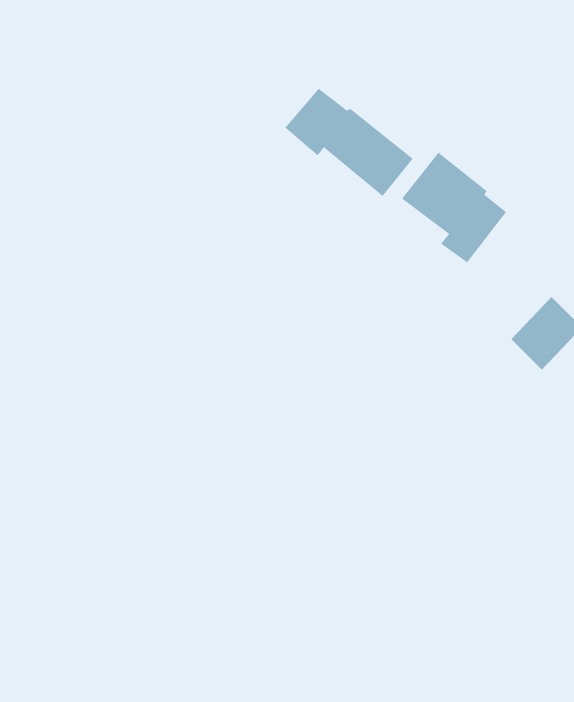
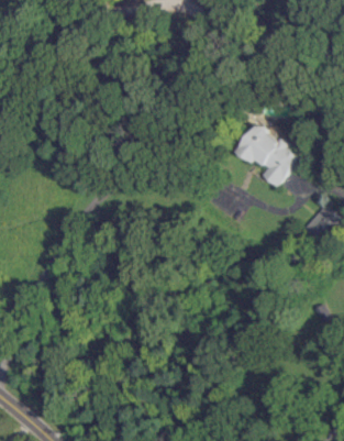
building: [285,88,413,197] -> none

